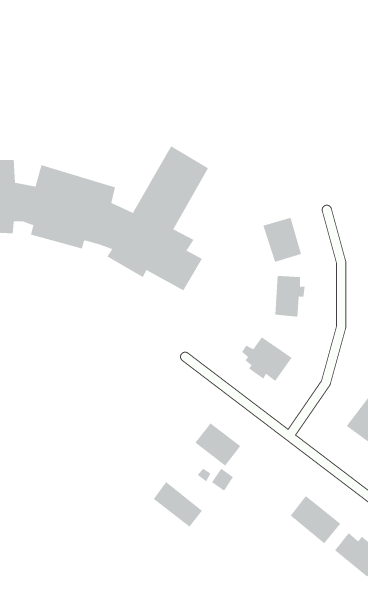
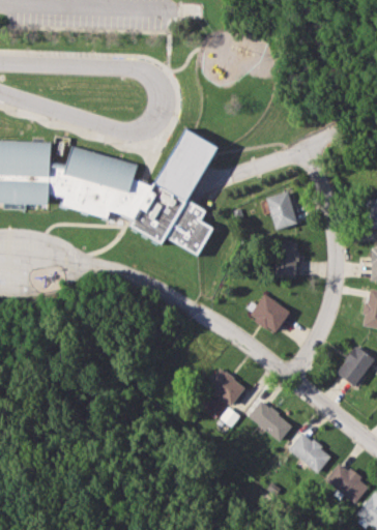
building: [153,481,203,528] -> [248,401,291,441]

